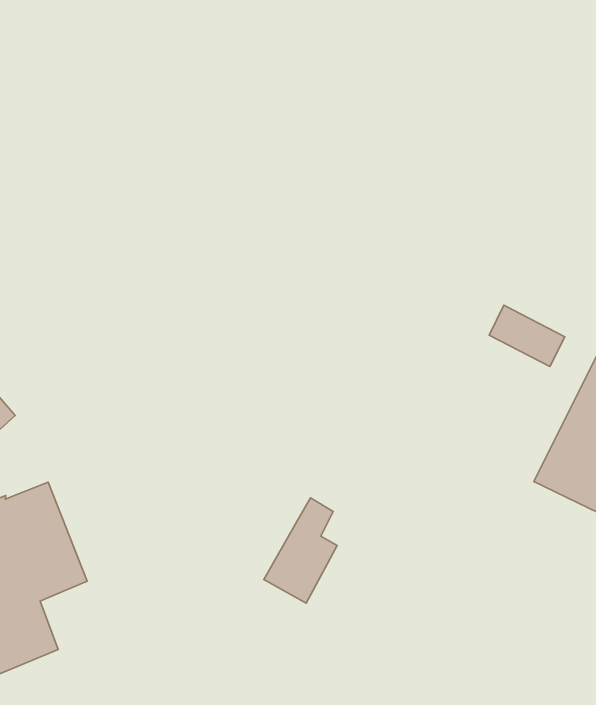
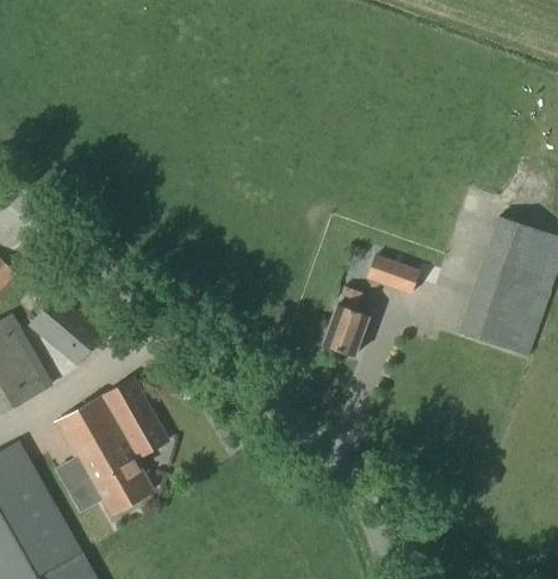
building: [489,305,565,367] -> [367,255,418,292]
building: [264,498,337,603] -> [322,285,368,357]

